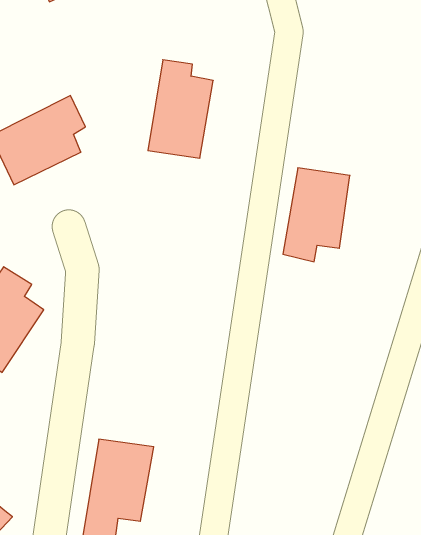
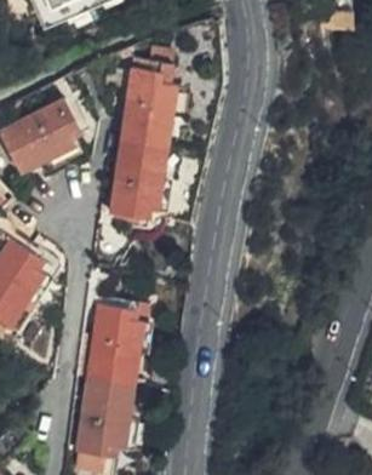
building: [283,168,350,262] -> [115,145,170,222]
building: none -> [87,304,147,387]

